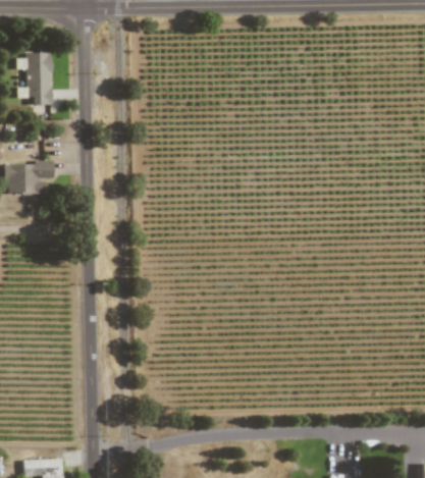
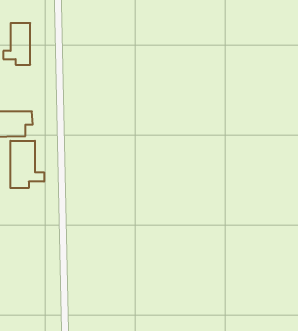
building: none -> [10,141,44,188]

